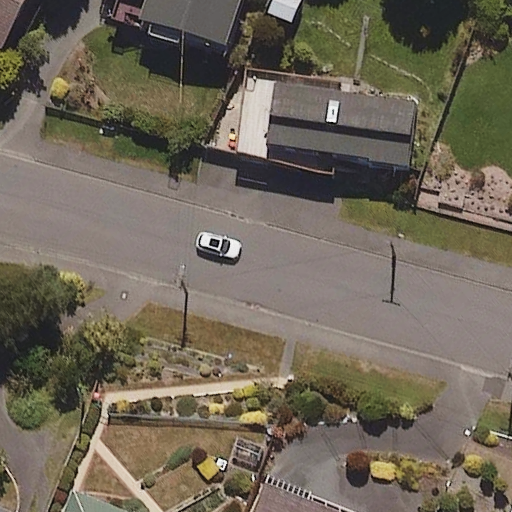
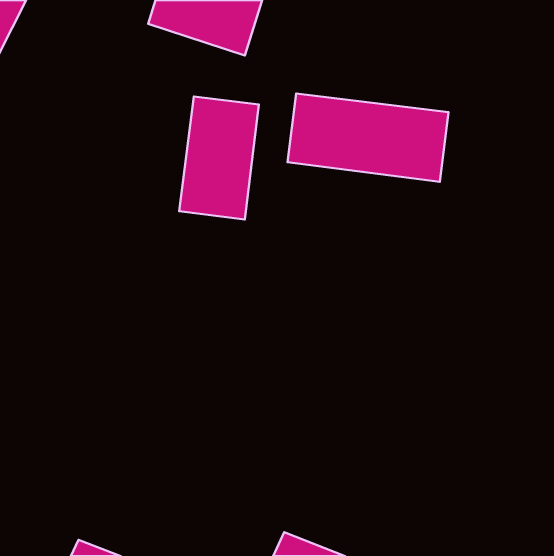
building: none -> [179,96,259,220]

